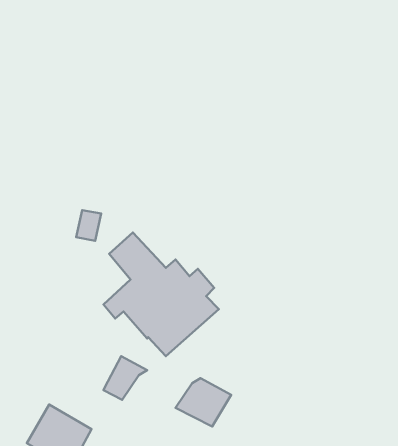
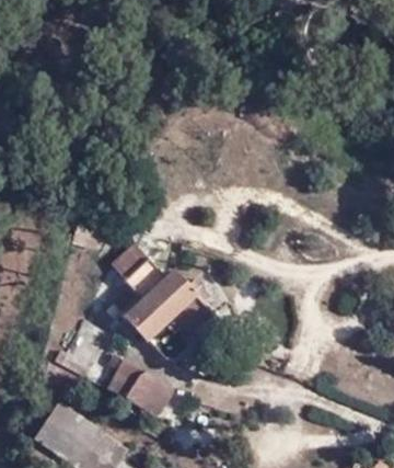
building: [176,378,231,427] -> [125,370,176,415]

